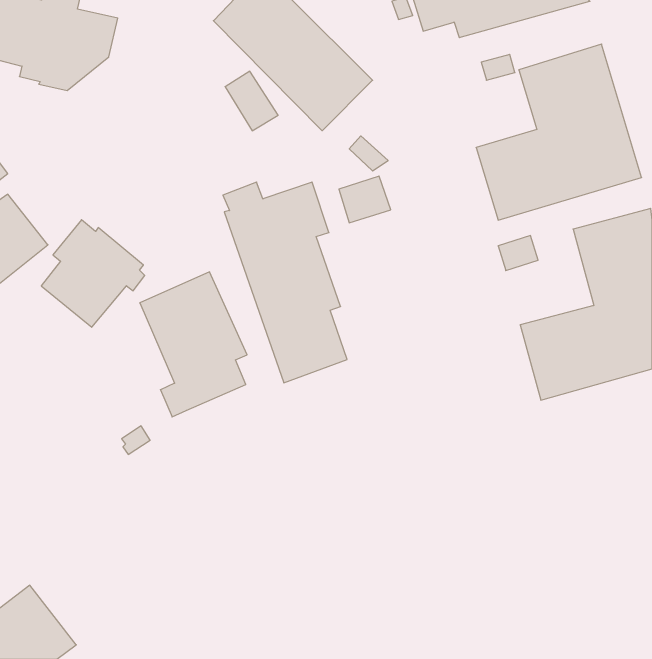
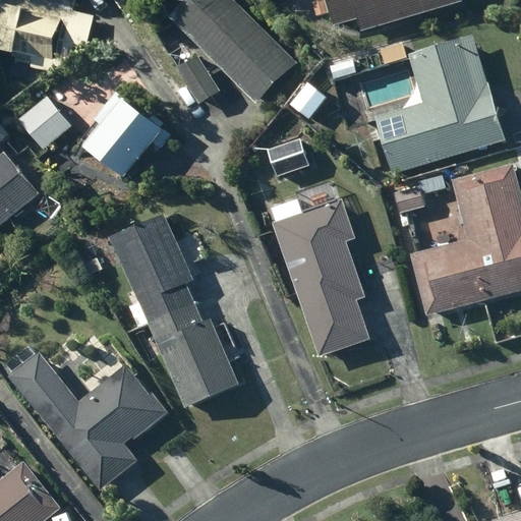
building: none -> [17,96,70,149]
building: [223,182,347,383] -> [271,198,368,356]
building: [41,220,145,327] -> [89,92,170,176]
building: none -> [147,302,239,407]
building: none -> [10,353,167,489]

